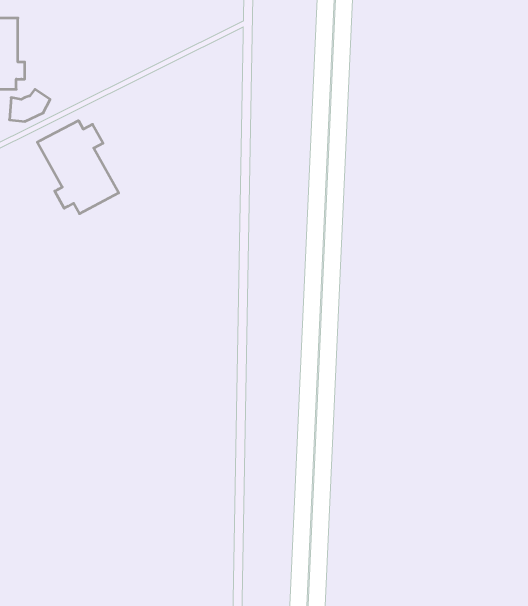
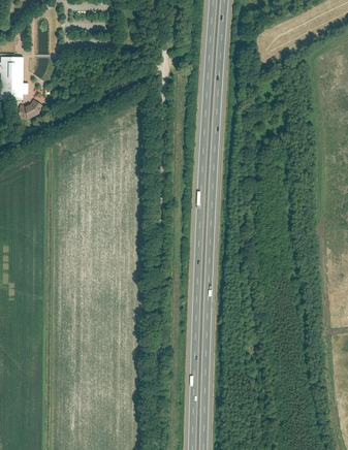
building: [37,121,119,214] -> none

